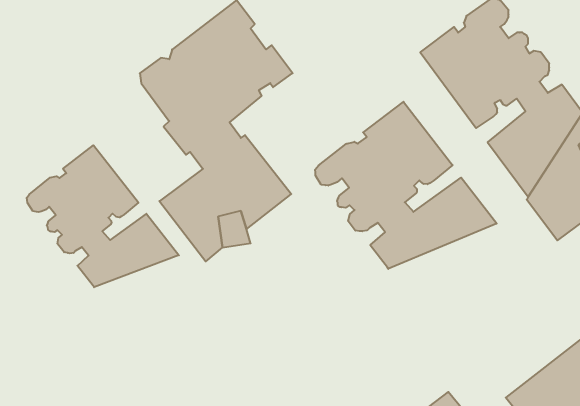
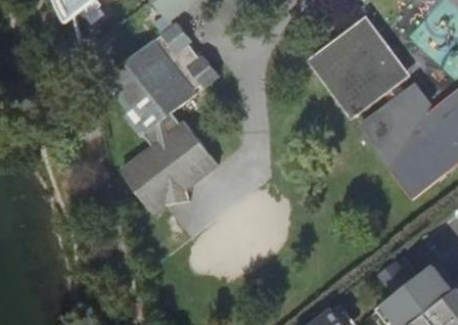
building: [315,102,497,269] -> none
building: [27,145,179,287] -> none

